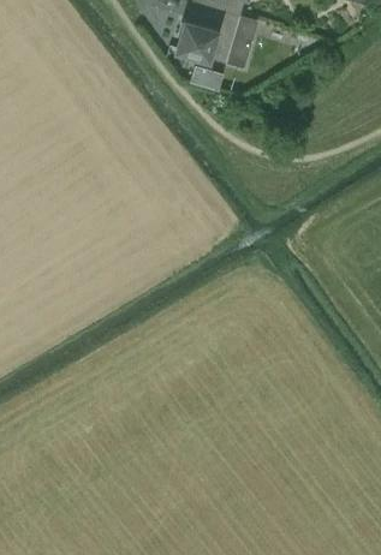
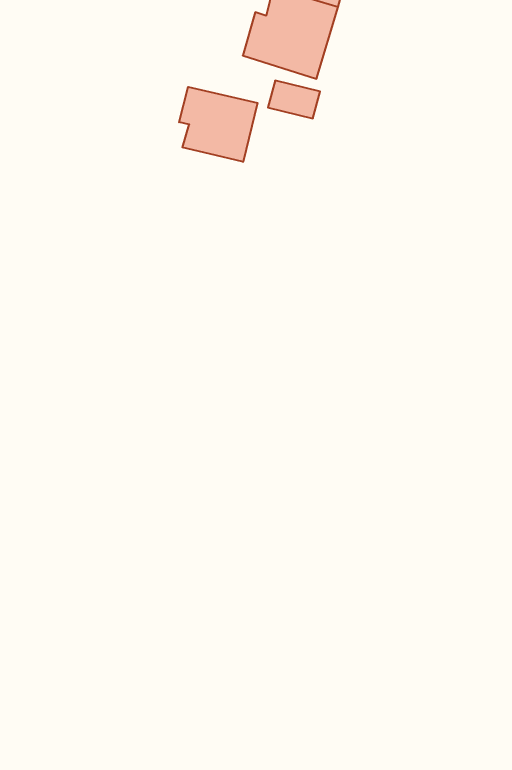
building: none -> [179,87,258,162]

